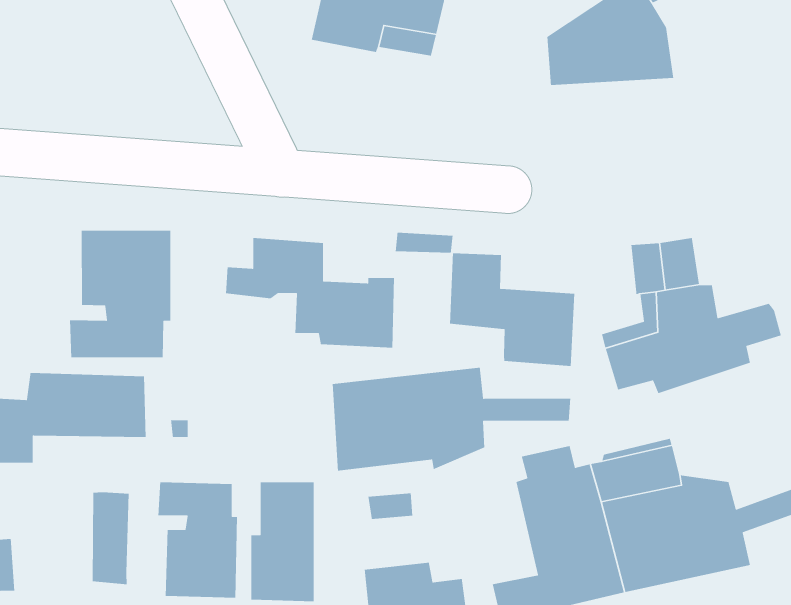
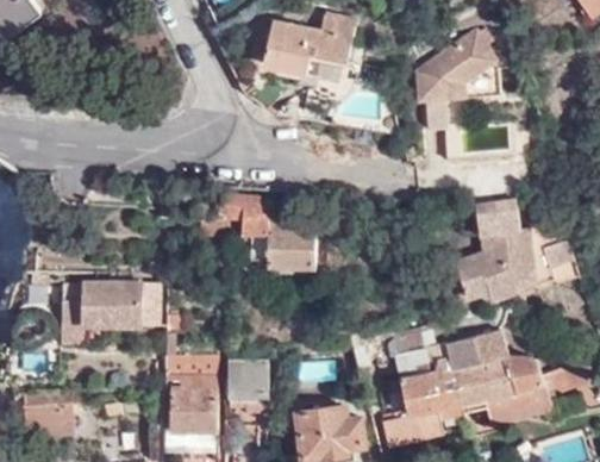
building: [69,230,171,358] -> none
building: [449,252,575,367] -> none
building: [332,367,571,471] -> none
building: [92,492,130,585] -> none

